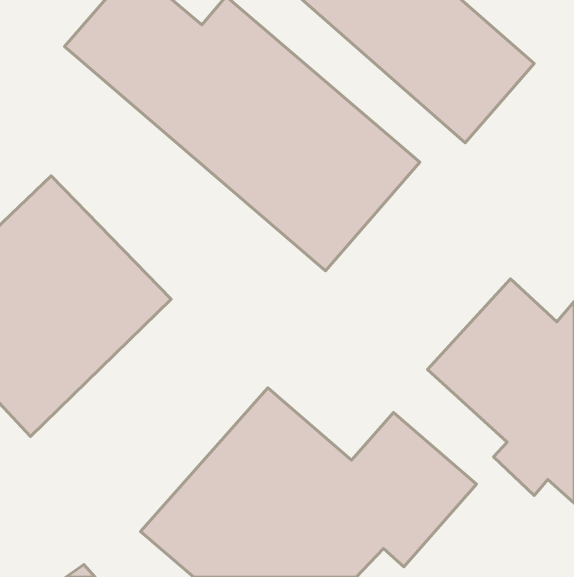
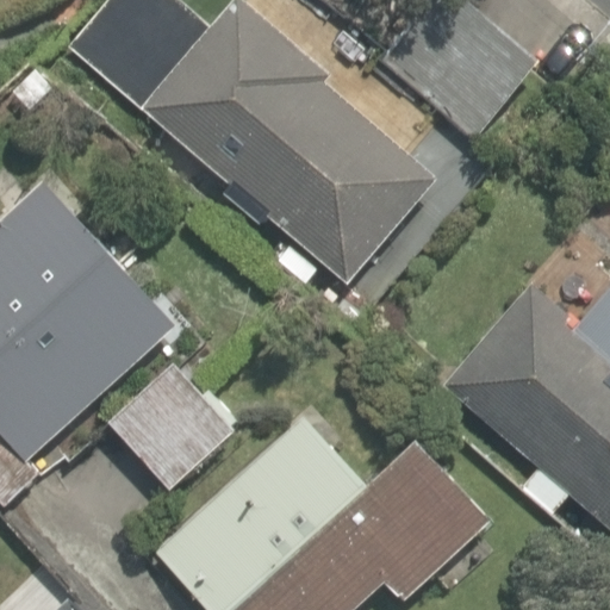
building: none -> [107,355,244,492]

